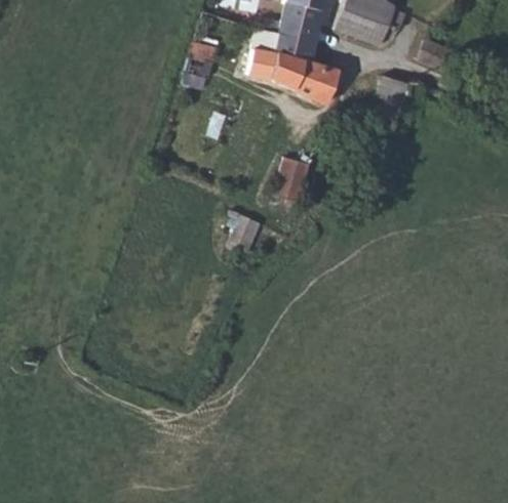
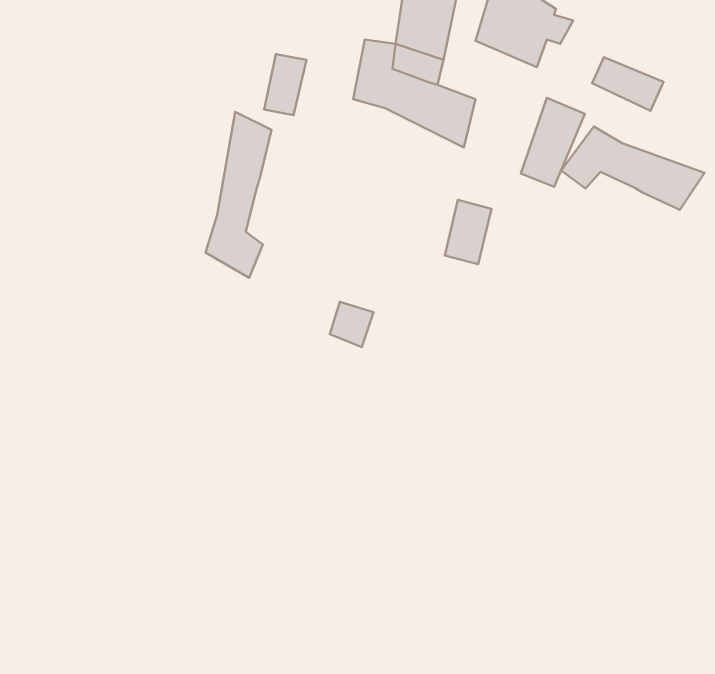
building: none -> [205,112,272,278]
building: none -> [561,126,704,210]
building: [276,156,309,201] -> [445,200,491,264]

